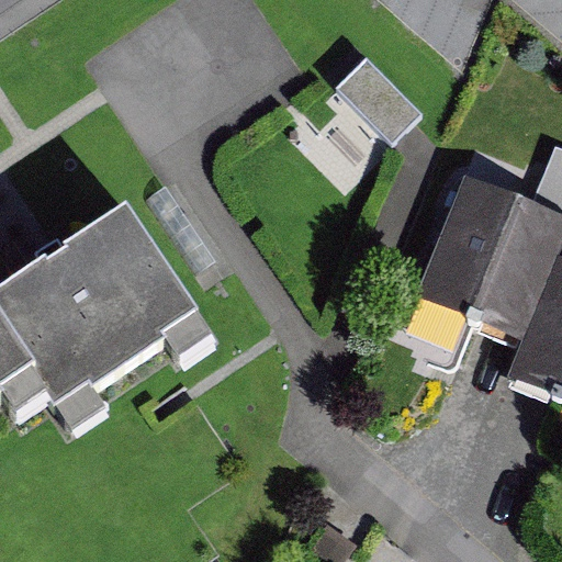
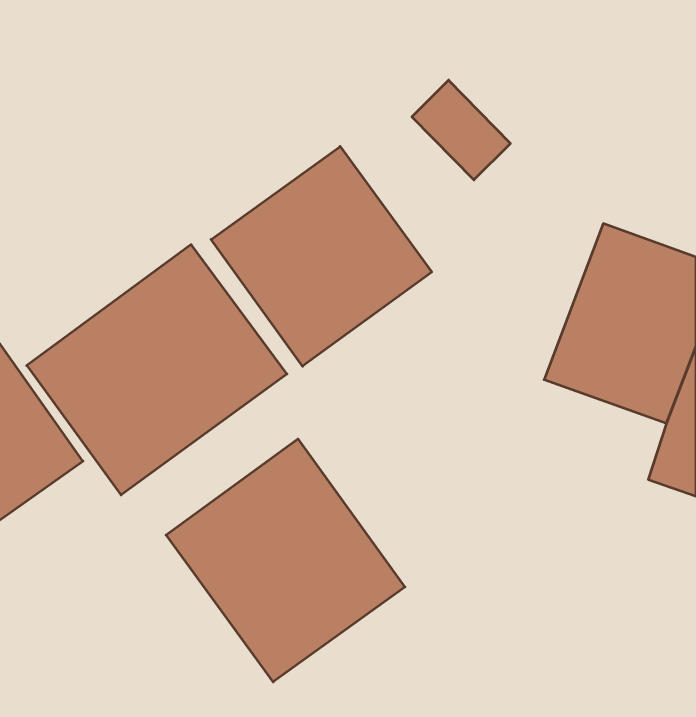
building: none -> [211,146,432,366]
building: none -> [166,439,405,682]

